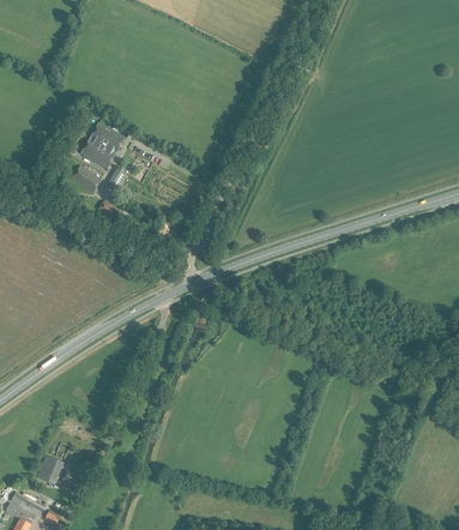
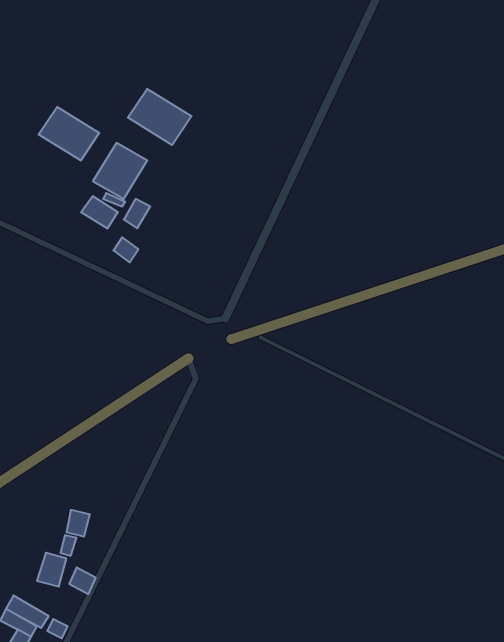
building: none -> [128,89,192,145]
building: none -> [39,107,99,161]

